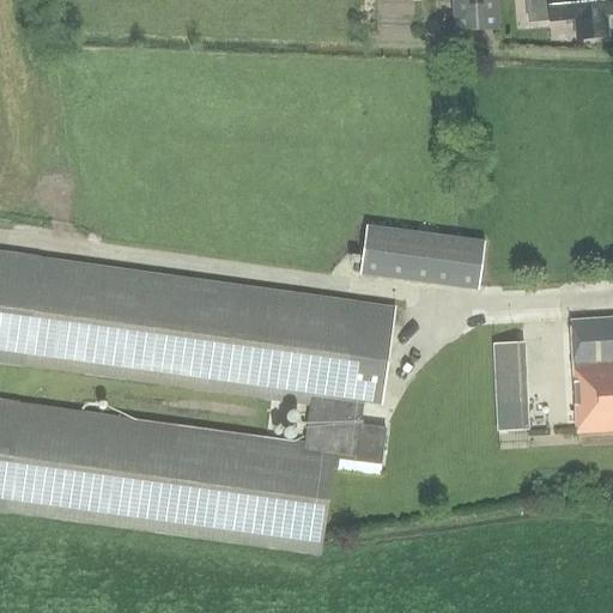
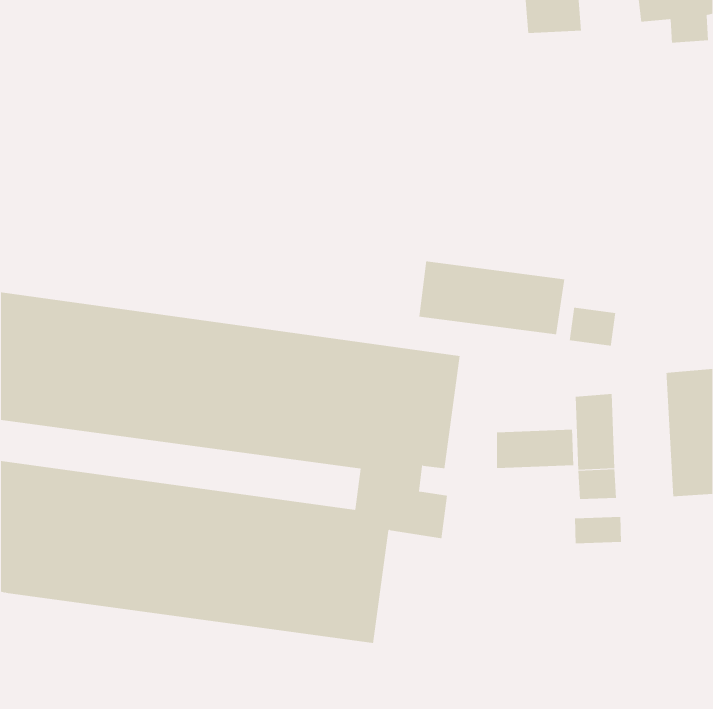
building: none -> [569,307,616,346]
building: none -> [497,429,574,469]
building: none -> [575,516,621,544]

